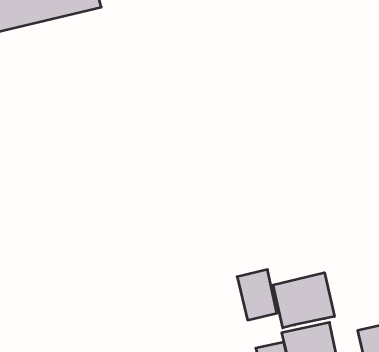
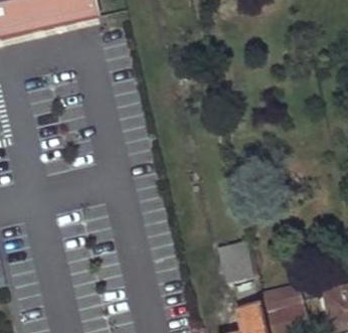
building: [273,273,334,328] -> none

